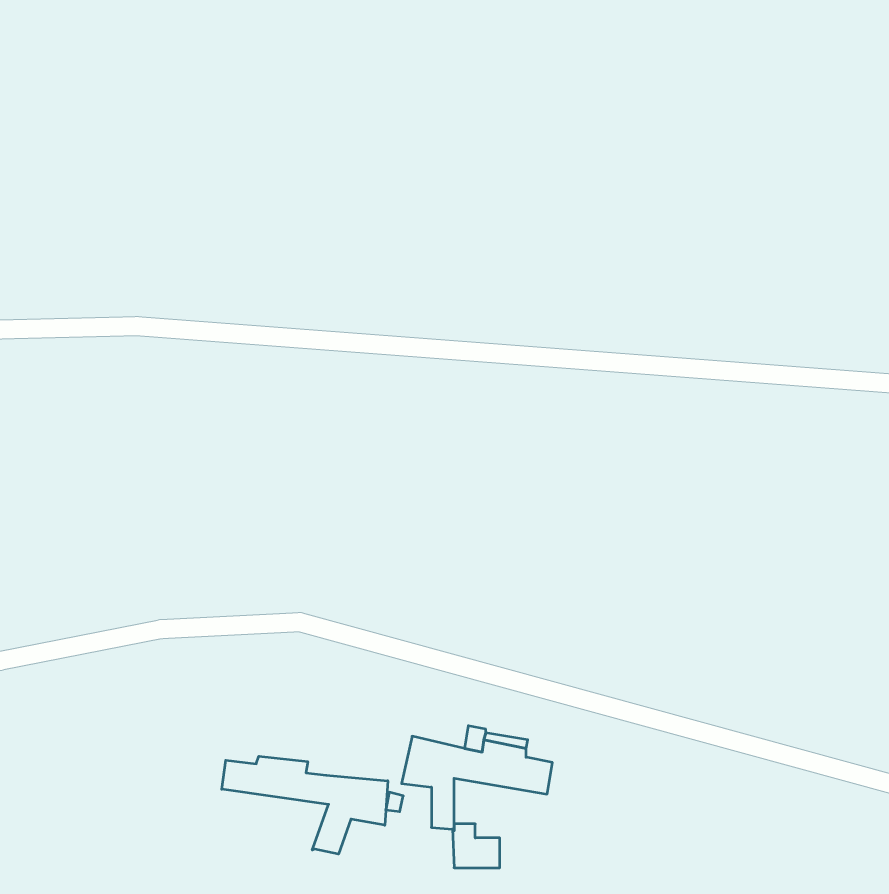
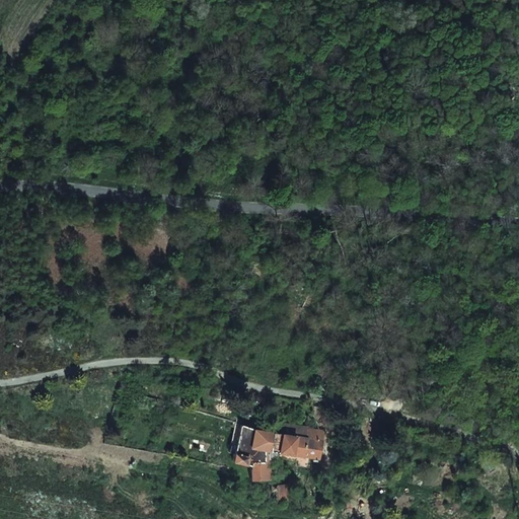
building: [222,756,388,854] -> none

